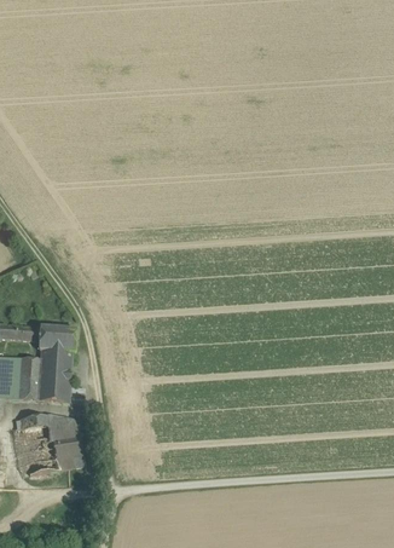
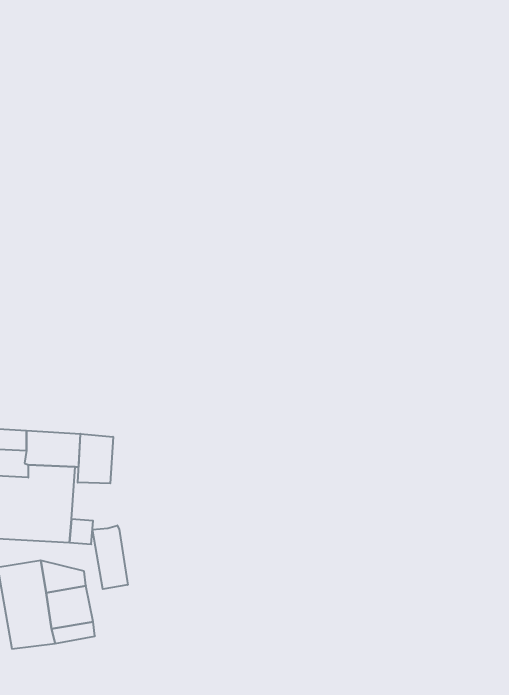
building: none -> [78,434,113,483]
building: none -> [92,525,128,589]

